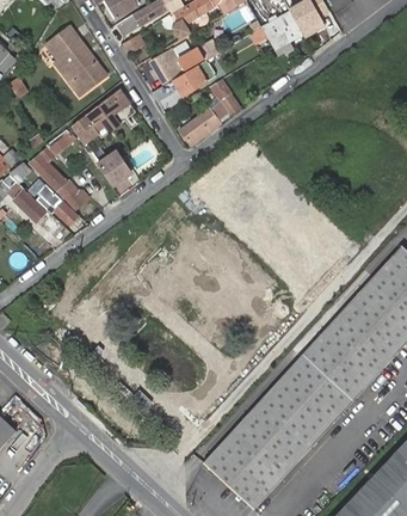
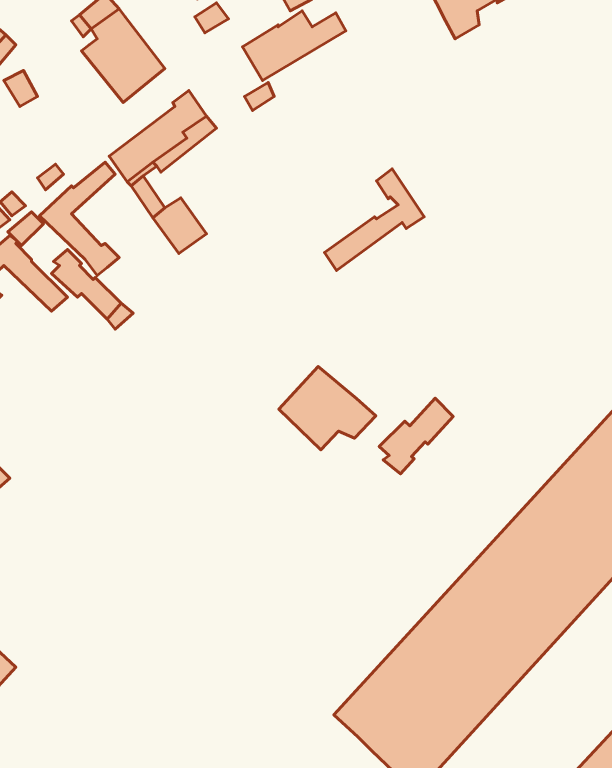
building: [173,59,216,93] -> none
building: [180,79,240,140] -> [325,169,424,270]
building: none -> [279,366,376,450]
building: none -> [379,398,453,474]

